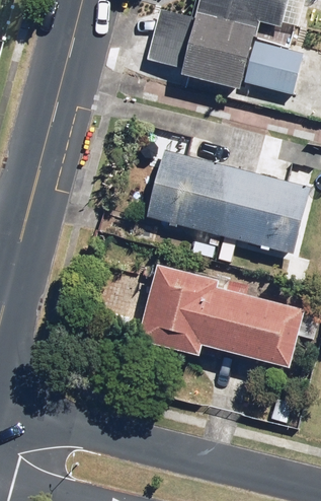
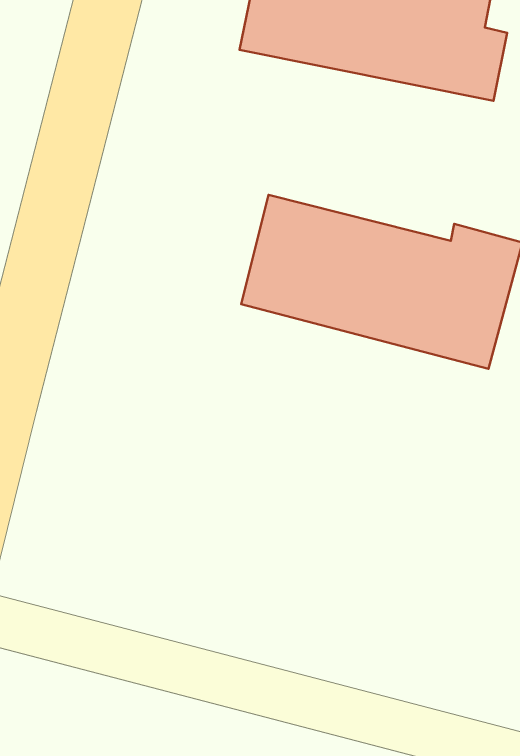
building: [137,264,305,366] -> none

